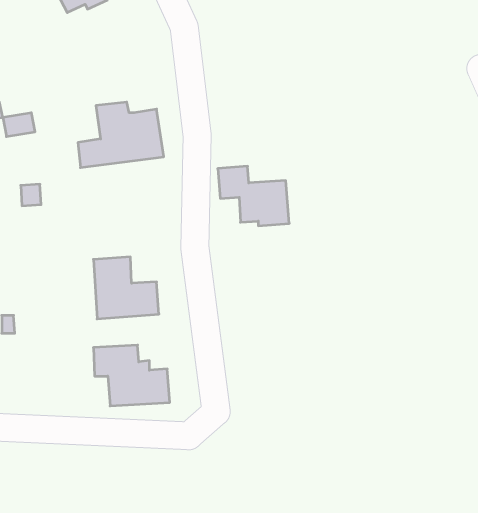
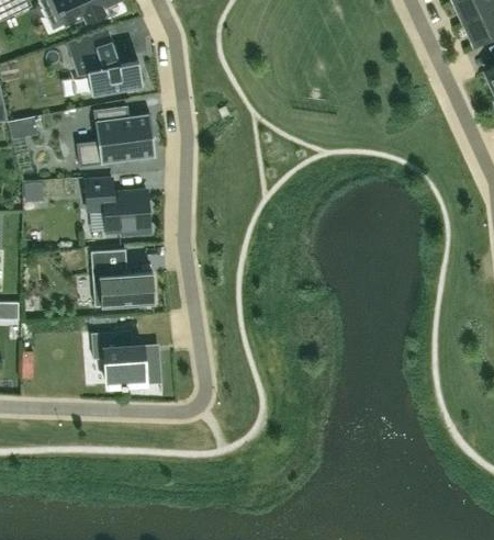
building: none -> [72,37,143,95]
building: [218,166,289,226] -> [85,180,150,235]

